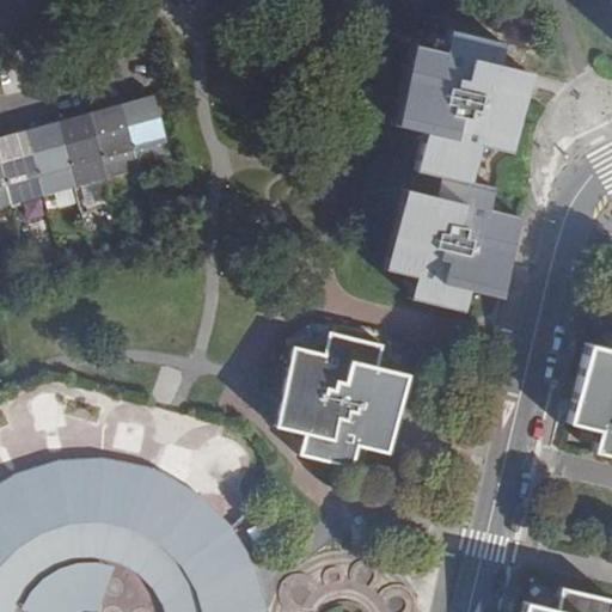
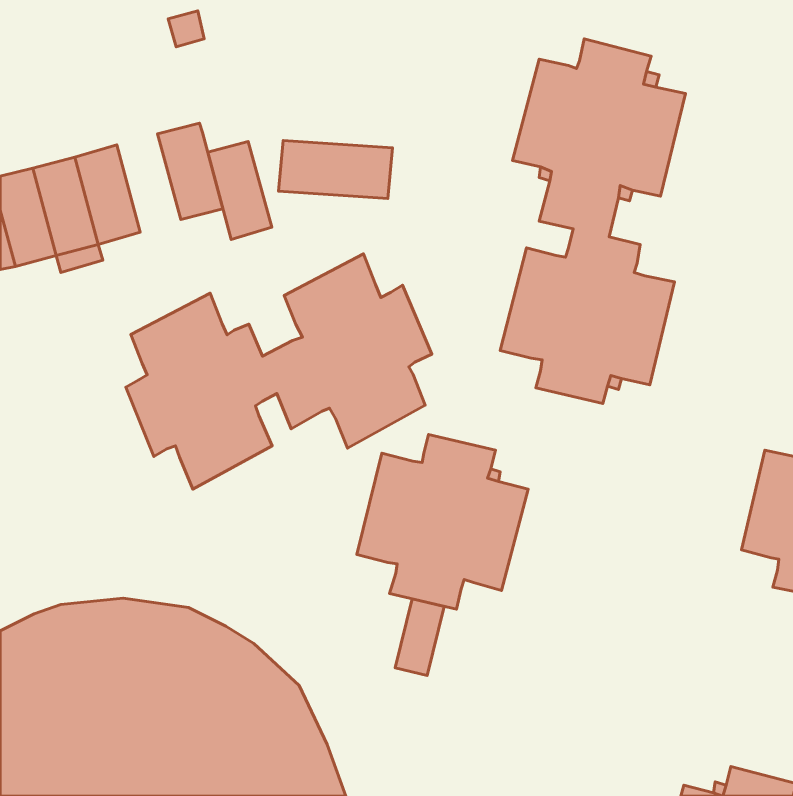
building: [92,103,141,178] -> [208,141,272,239]
building: none -> [278,141,392,198]
building: none -> [126,254,432,489]
building: none -> [395,599,444,675]

